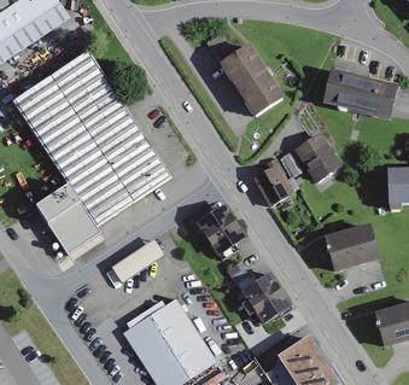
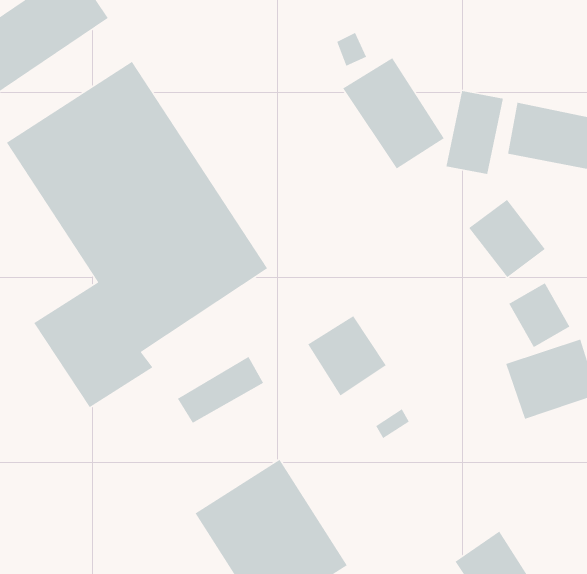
building: none -> [445,90,504,175]
building: [255,158,293,199] -> [508,282,570,348]
building: [236,273,284,320] -> none

